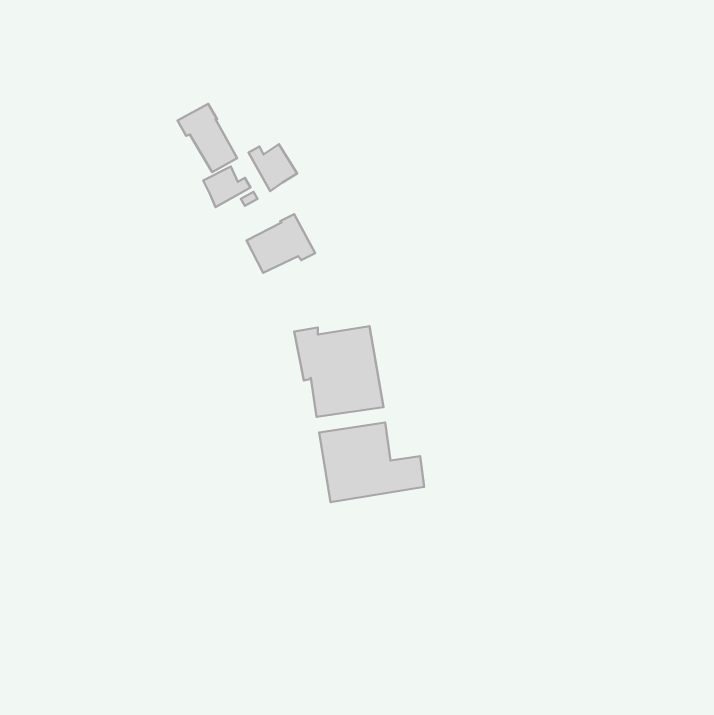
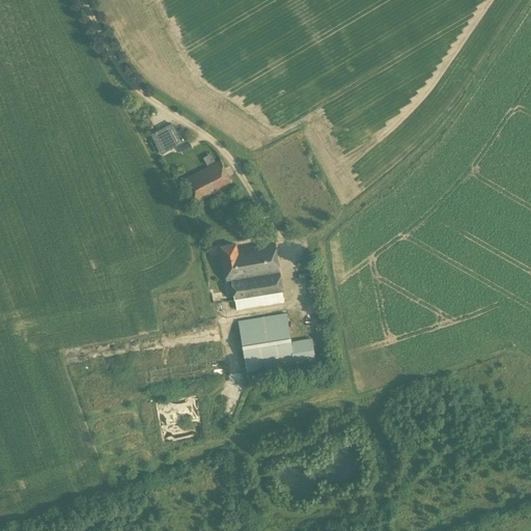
building: [177,104,237,172] -> none
building: [249,144,297,191] -> none

